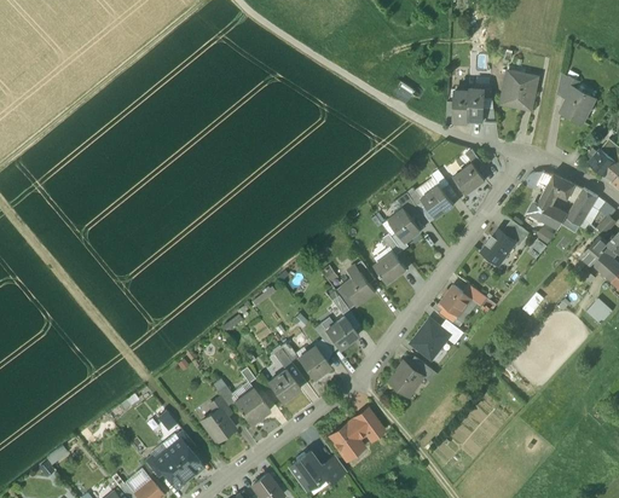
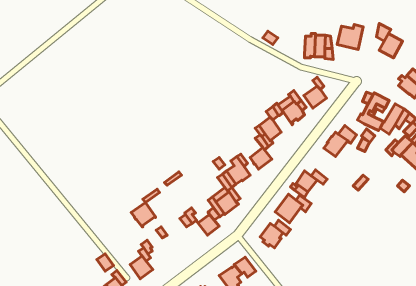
building: [267,369,300,401] -> none
building: [235,389,270,424] -> [131,203,156,227]

